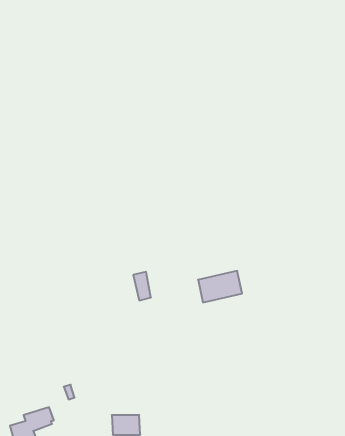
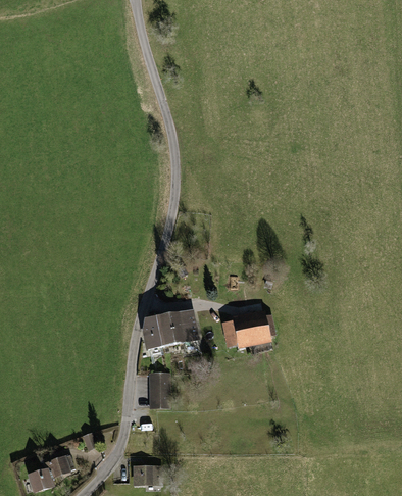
building: none -> [168,310,196,341]
building: none -> [143,315,161,347]
building: none -> [149,370,170,407]

